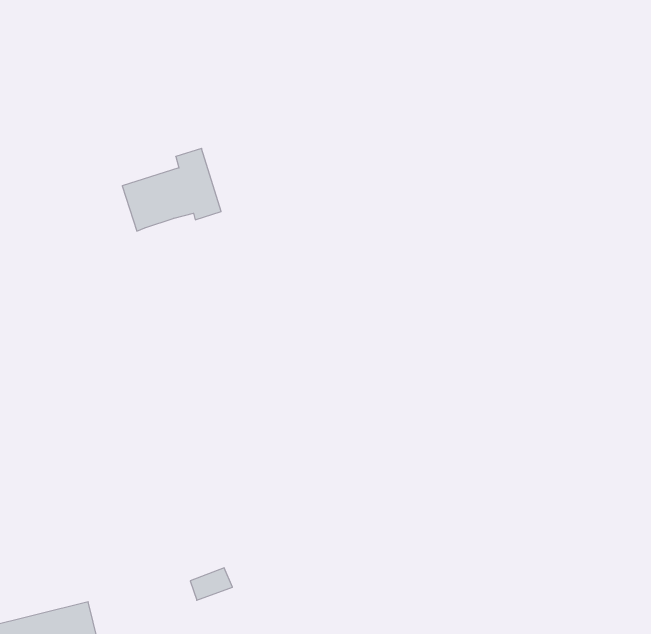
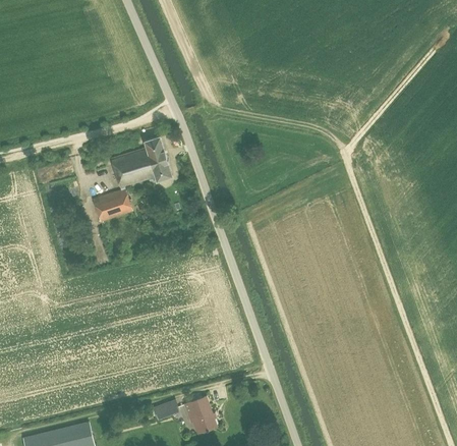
building: none -> [92,189,132,223]
building: none -> [184,397,216,433]

